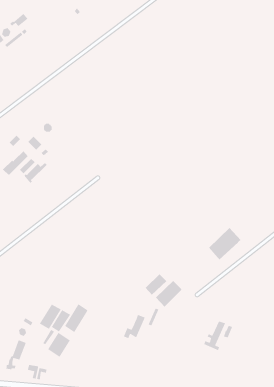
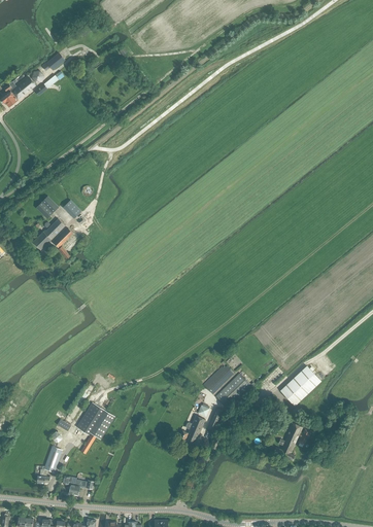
building: [208,227,242,261] -> [280,365,320,406]
building: [64,303,89,333] -> none
building: [47,332,71,358] -> none

